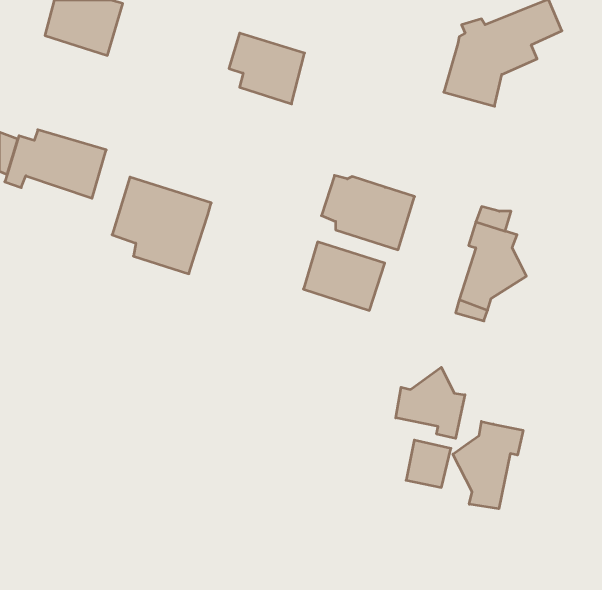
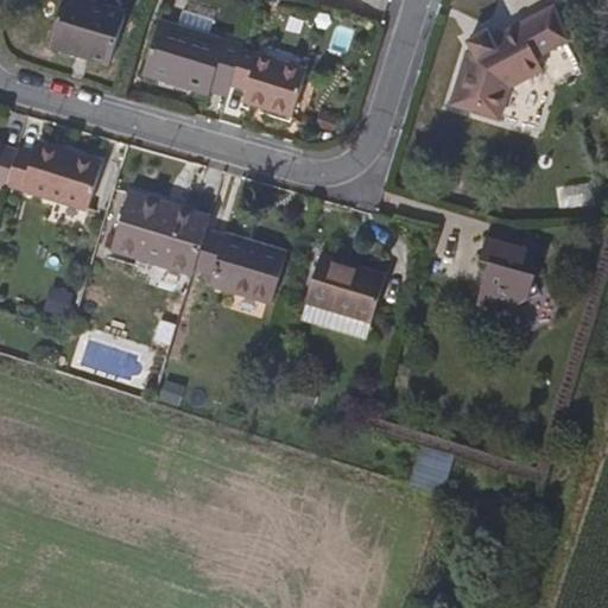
building: none -> [142,20,242,94]
building: [321,175,415,250] -> [196,229,290,304]
building: [396,367,465,438] -> none
building: [453,421,523,509] -> none

